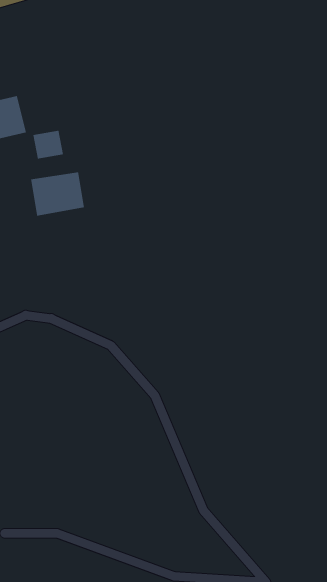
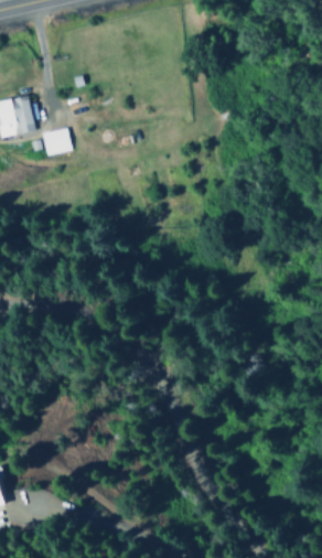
building: [30,171,85,216] -> none

